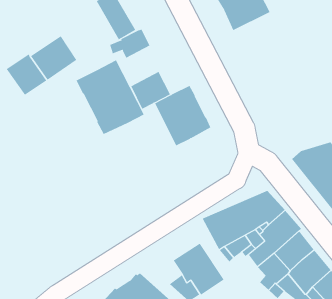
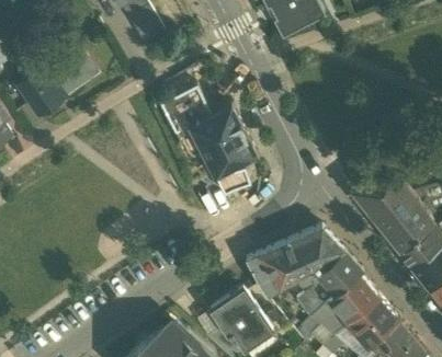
building: [110,29,150,59] -> none
building: [76,60,145,135] -> none
building: none -> [215,166,250,194]

